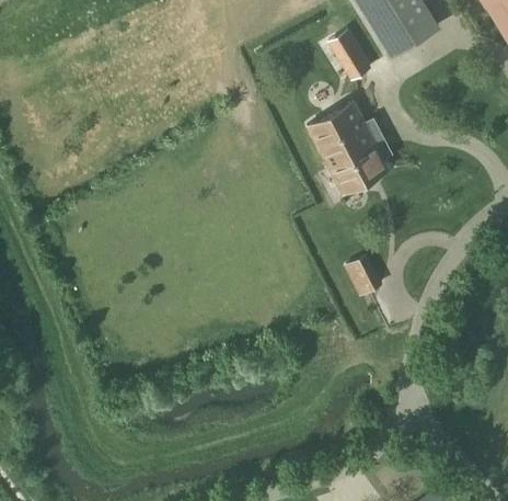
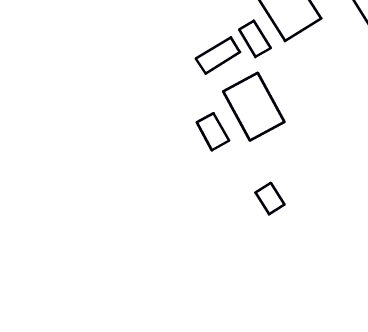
building: none -> [196,37,240,74]
building: none -> [197,113,229,150]

